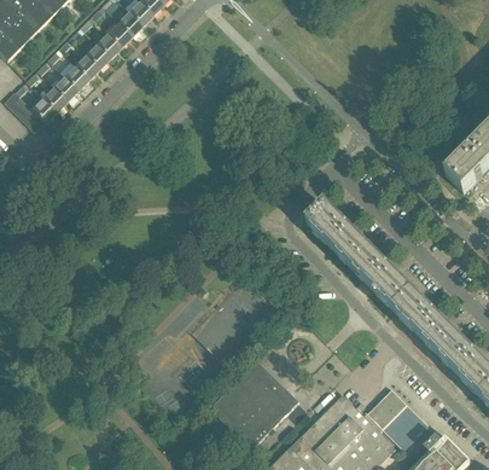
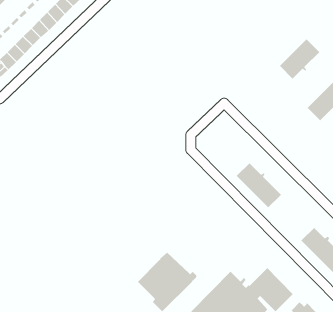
building: none -> [279,39,320,79]
building: [307,205,367,266] -> none
building: [392,291,454,353] -> none

